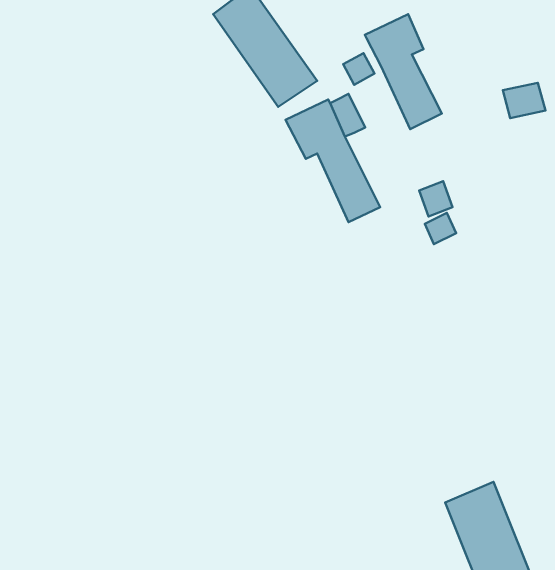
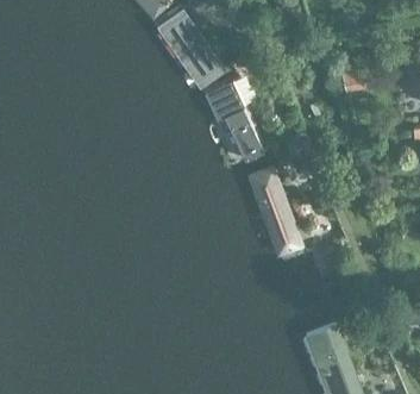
building: [365,14,442,129] -> none
building: none -> [250,174,302,259]

